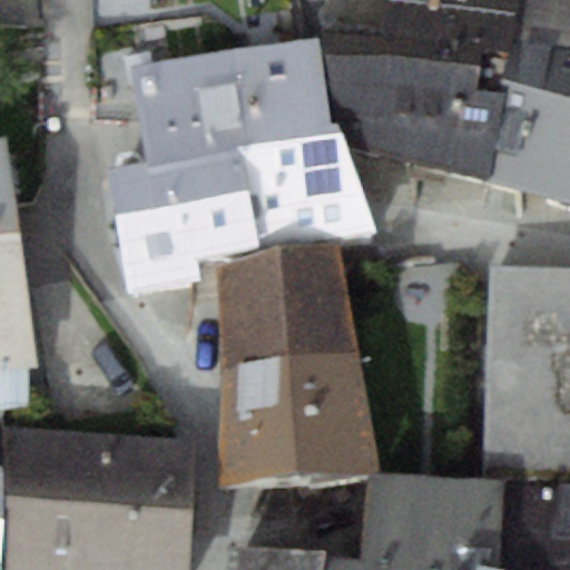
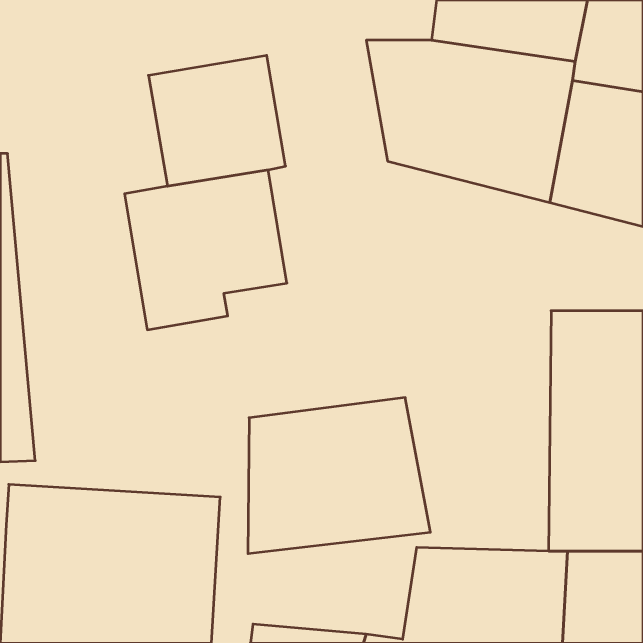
building: [236,36,376,250] -> none
building: [219,245,358,370] -> none

